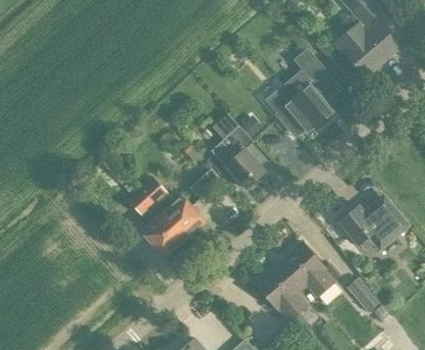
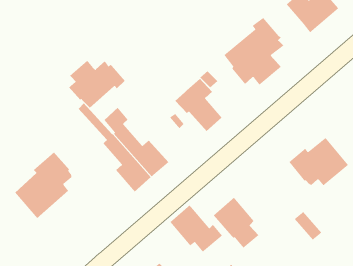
building: none -> [68,60,126,109]
building: none -> [14,152,72,219]
building: [278,241,339,296] -> [170,204,223,252]

